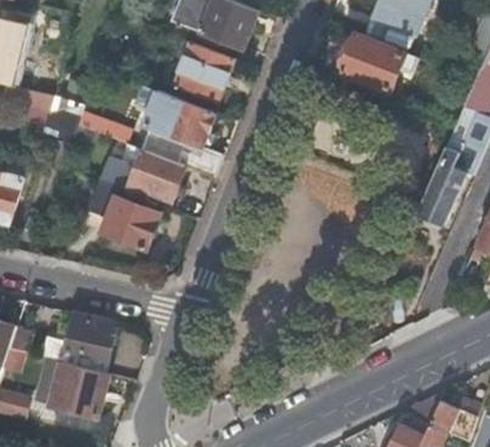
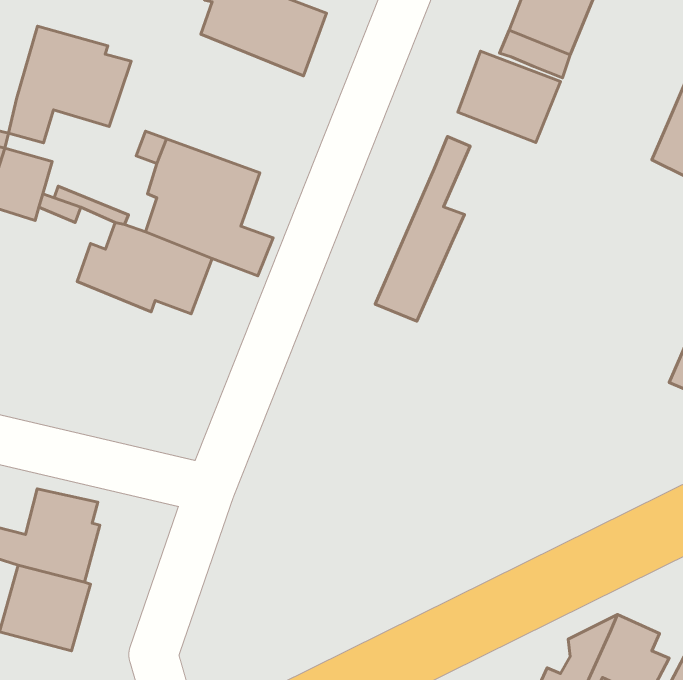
building: none -> [9,26,131,143]
building: [174,41,236,102] -> none
building: [416,110,477,228] -> [375,137,470,321]
building: [83,180,161,248] -> none

